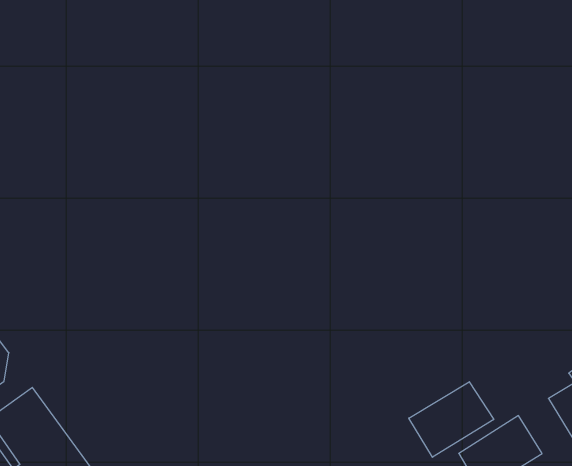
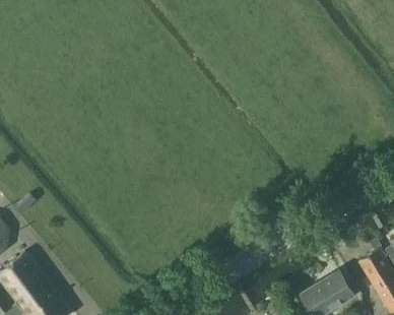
building: [409,382,494,457] -> none

